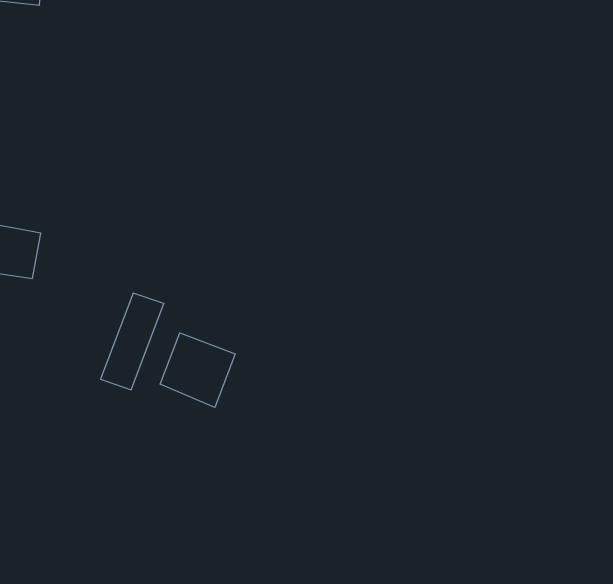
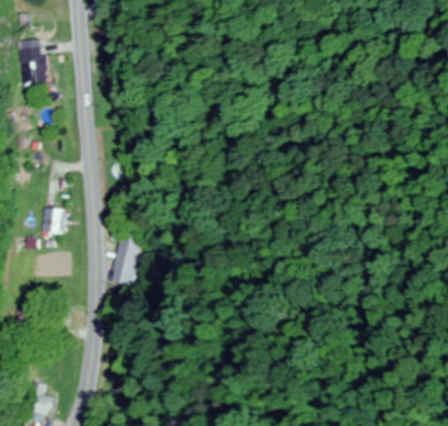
building: [160,333,235,407] -> none

